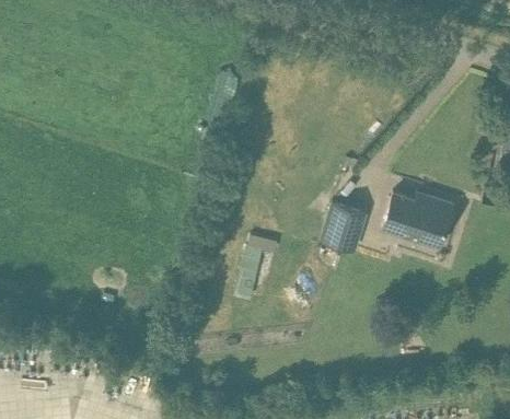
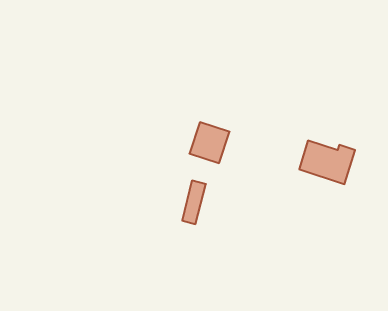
building: [317,200,368,252] -> [189,122,230,163]

